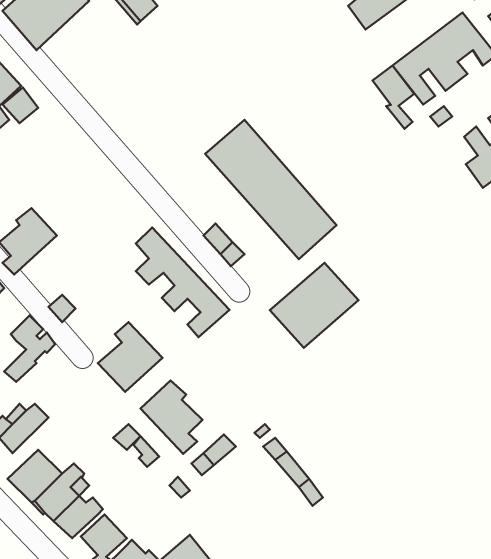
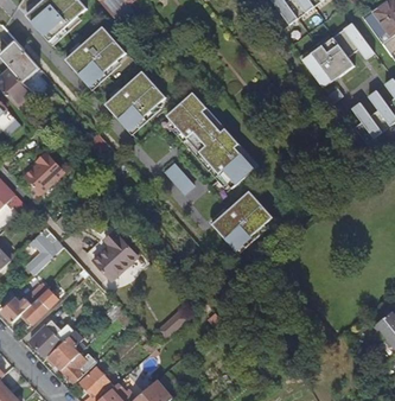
building: none -> [64,26,126,85]
building: [372,65,414,129] -> none
building: none -> [104,70,165,131]
building: [136,228,229,337] -> none
building: [140,381,203,454] -> none

